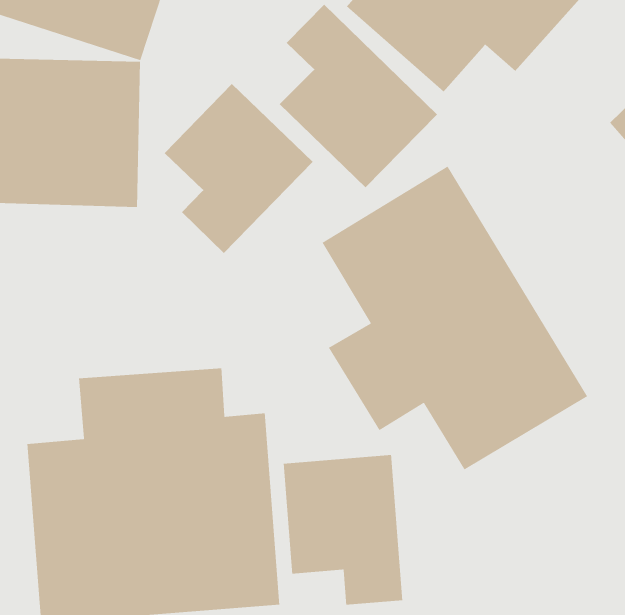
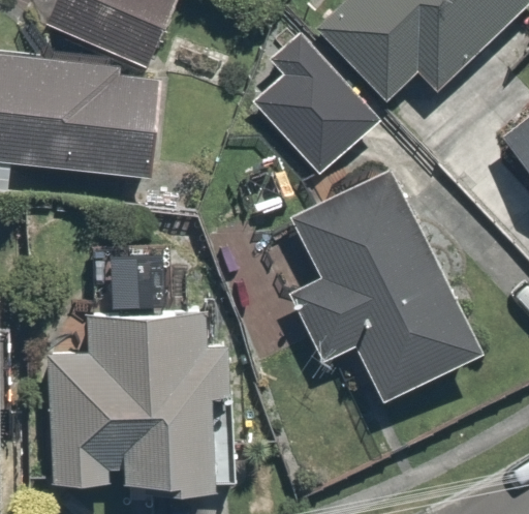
building: [164,83,313,254] -> none
building: [283,454,403,606] -> none

